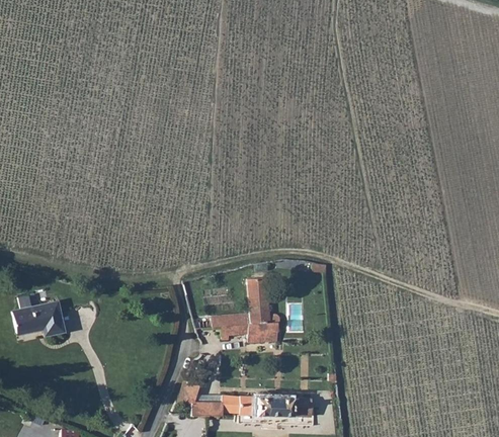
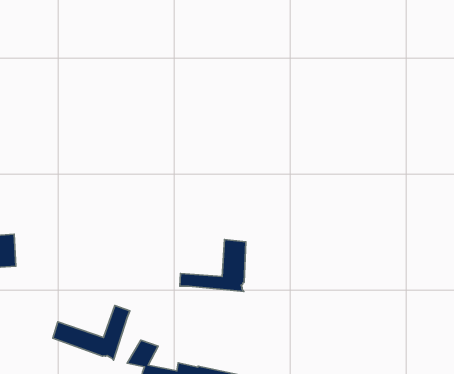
building: [221,312,278,341] -> none
building: none -> [53,306,130,360]

